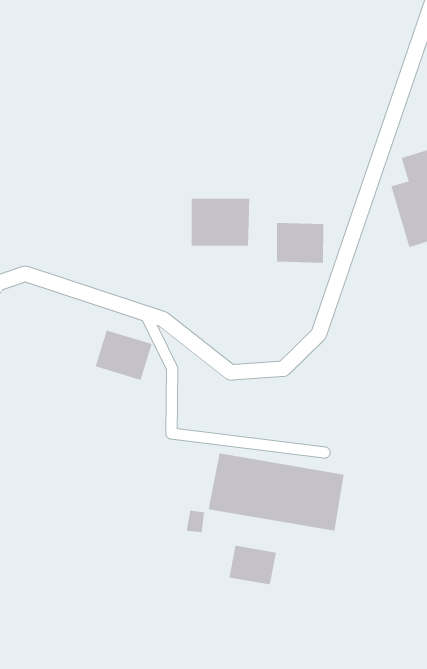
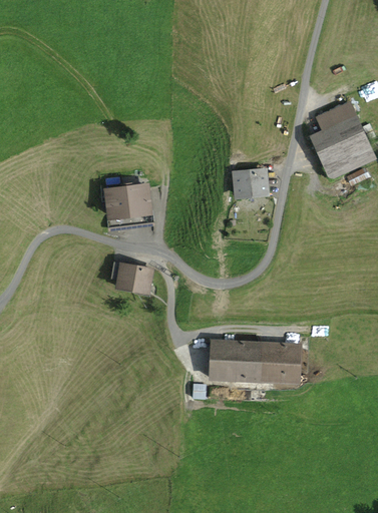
building: [191,198,250,246] -> [105,183,150,222]
building: [229,545,277,585] -> none

